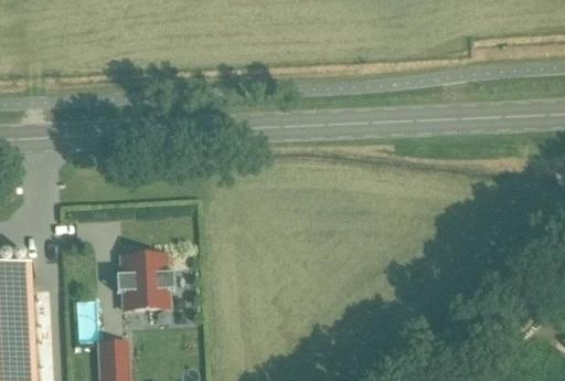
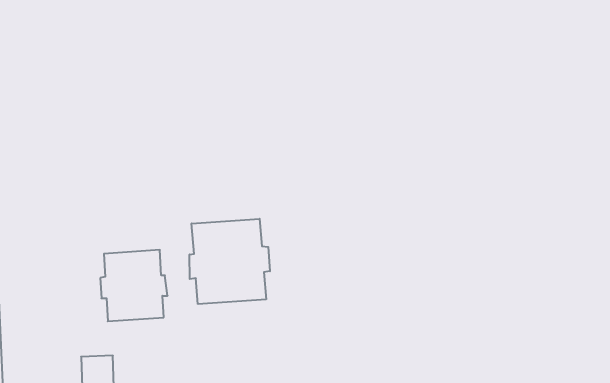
building: none -> [190,219,270,304]

